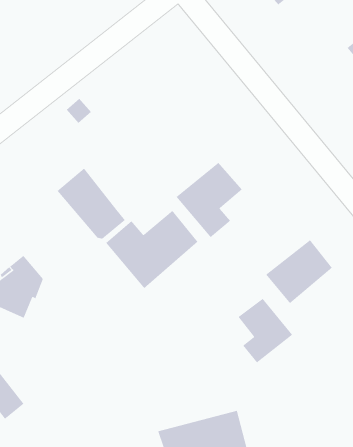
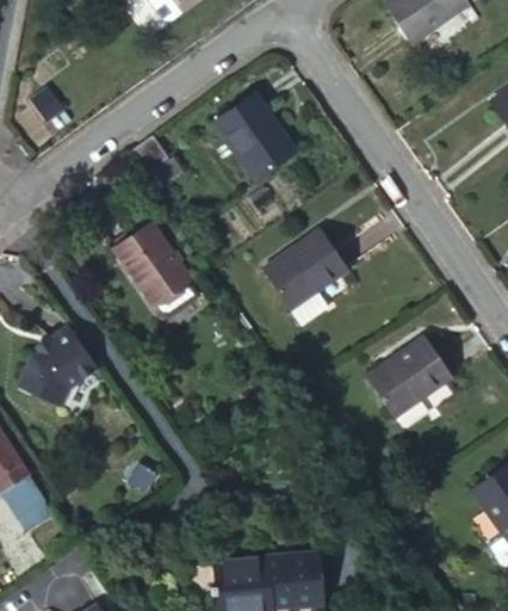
building: none -> [217,93,295,177]
building: [105,210,198,289] -> none
building: [238,298,293,364] -> none

